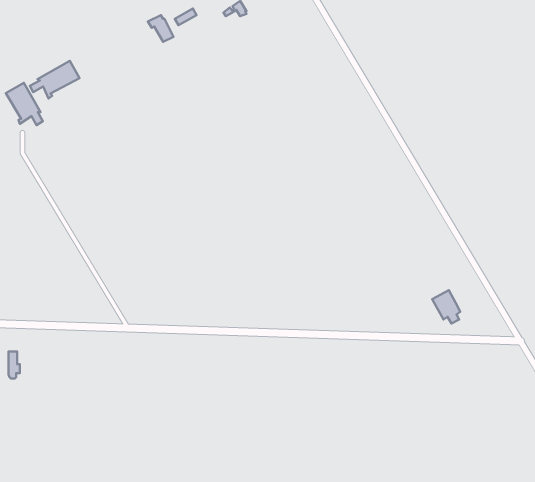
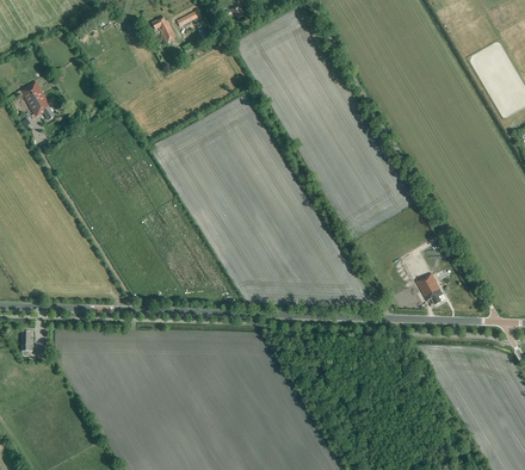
building: [30,61,79,99] -> none

